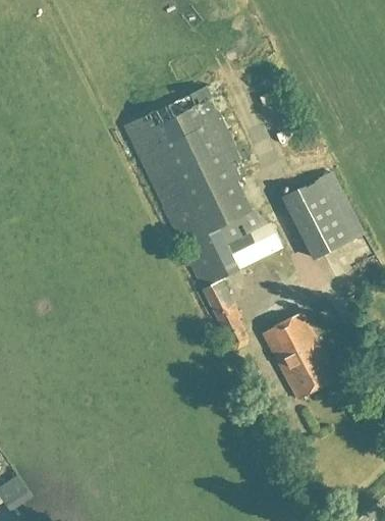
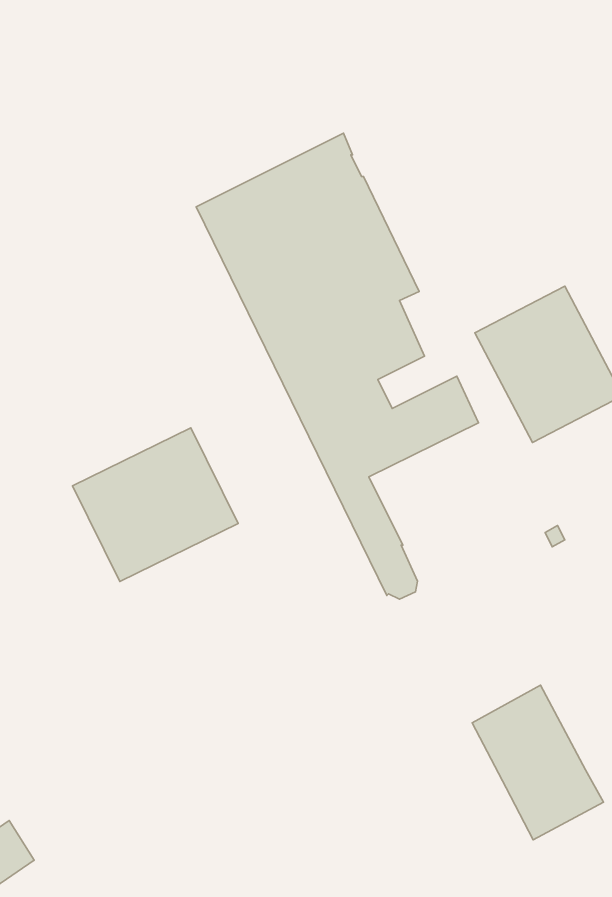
building: none -> [72,428,238,582]
building: [263,312,337,400] -> [472,685,603,840]

